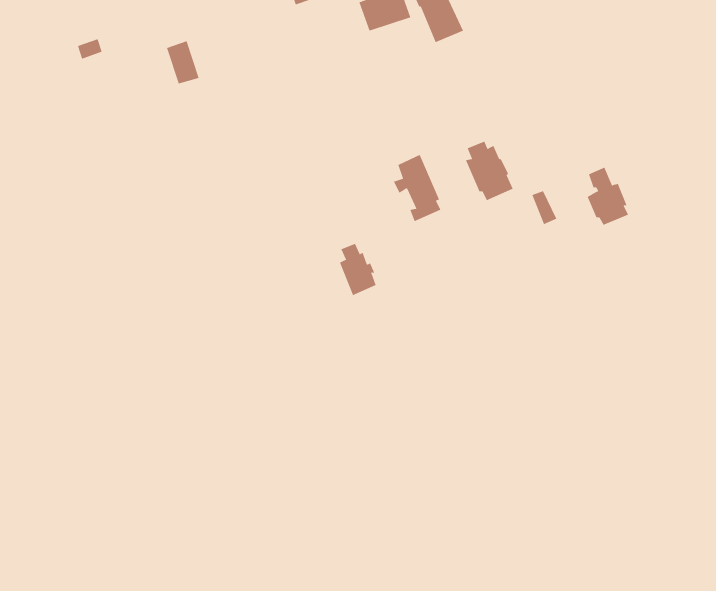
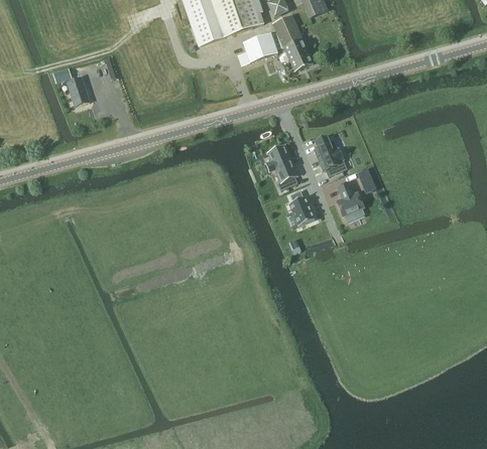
building: [166,40,199,84] -> [67,76,89,105]
building: [587,167,629,225] -> [336,180,364,219]
building: [339,243,377,296] -> [288,189,314,224]

